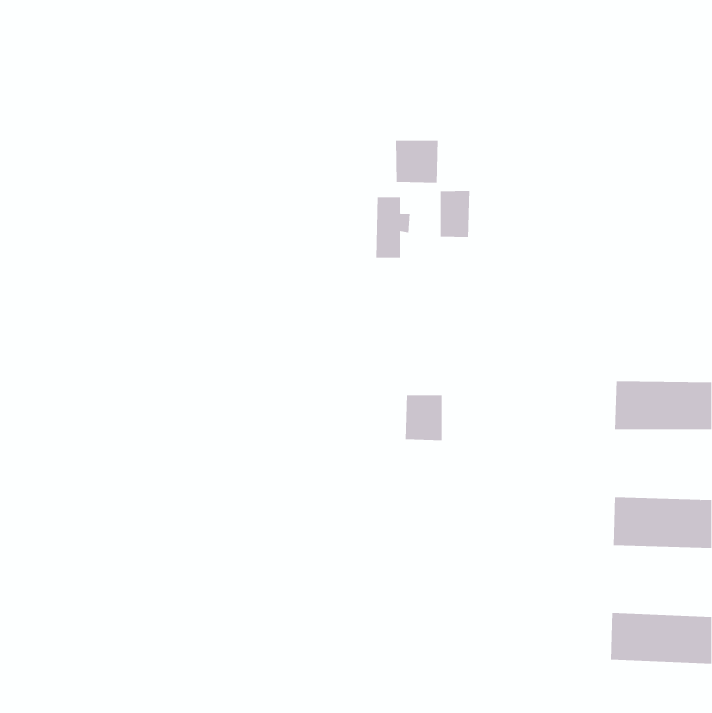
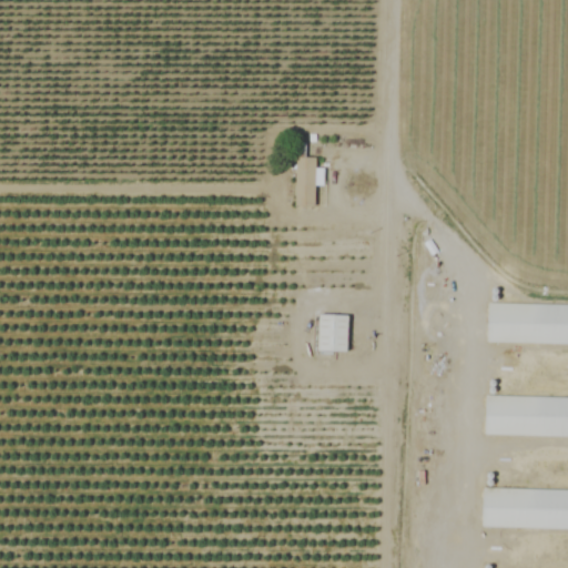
building: [395,140,438,184] -> none
building: [440,190,470,238] -> none

